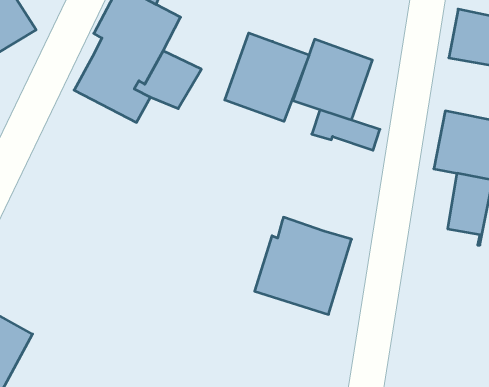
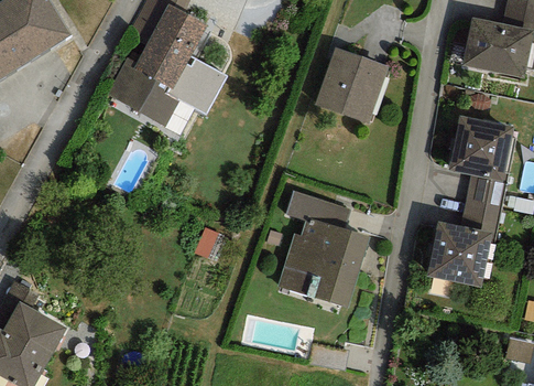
building: [225,33,309,121] -> none
building: [312,110,380,150] -> [285,191,350,229]
building: none -> [426,222,492,286]

